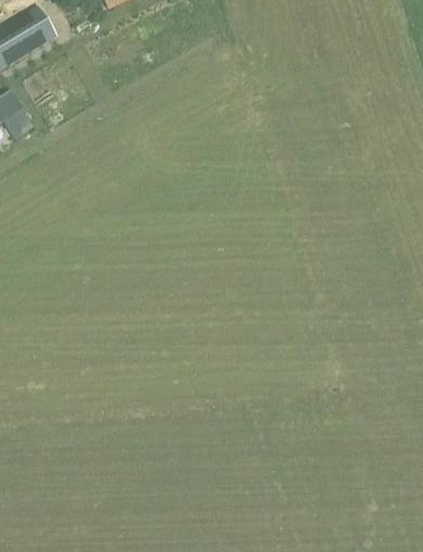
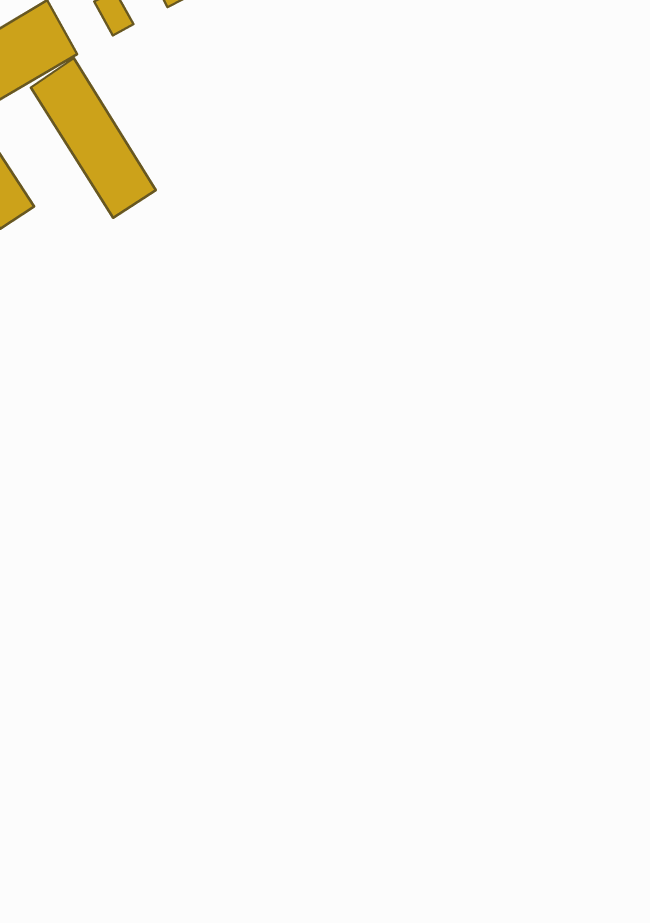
building: none -> [31,58,156,218]

